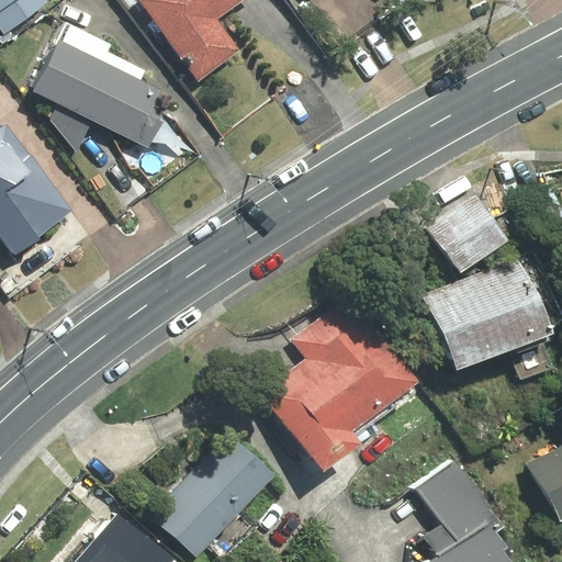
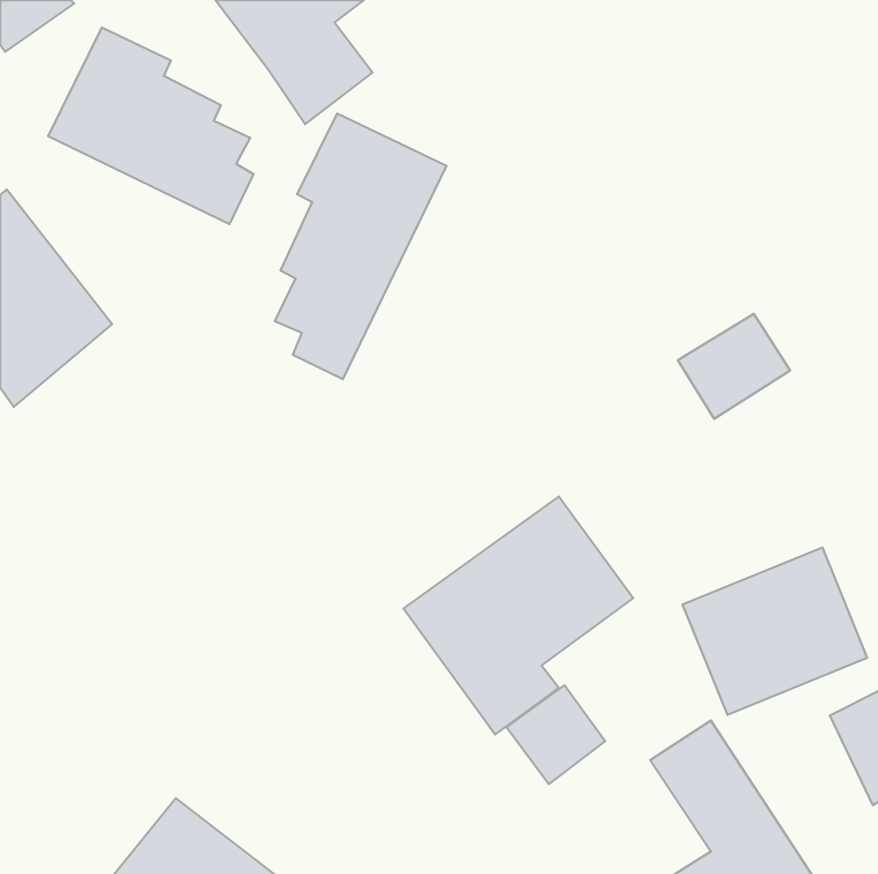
building: none -> [275,113,447,379]
building: [428,261,546,368] -> [683,547,867,715]
building: [154,437,270,555] -> none
building: none -> [507,685,605,784]

